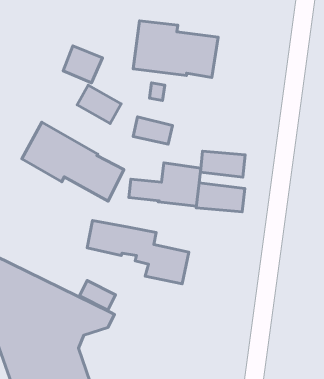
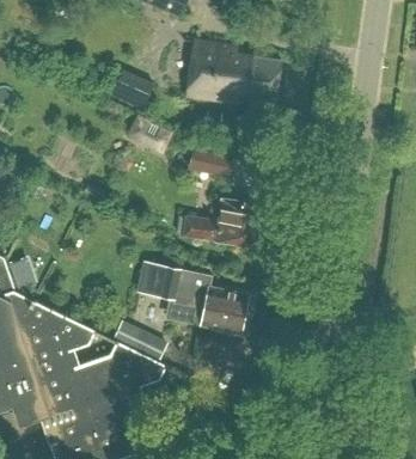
building: [22,122,124,201] -> none
building: [200,151,245,177] -> none
building: [196,183,245,212] -> none

